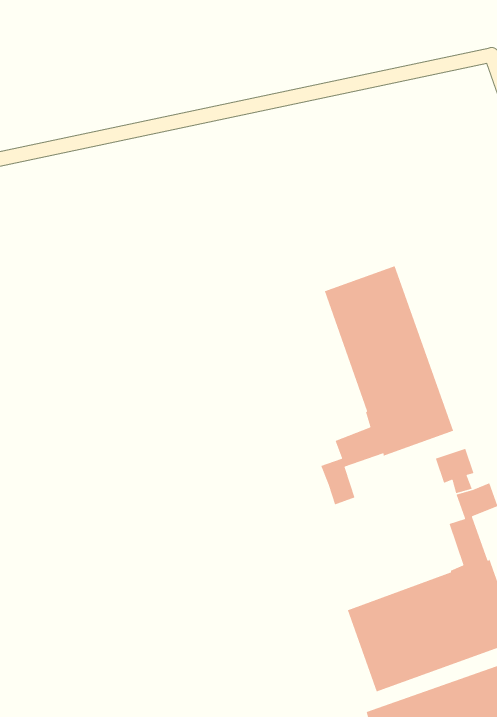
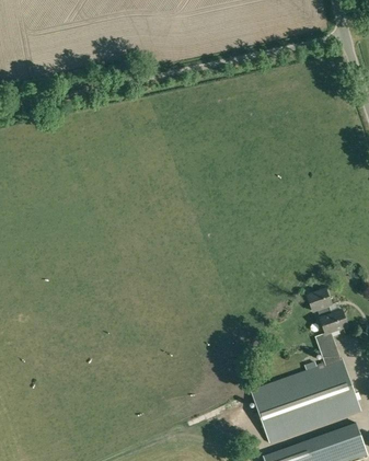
building: [320,265,454,505] -> none

